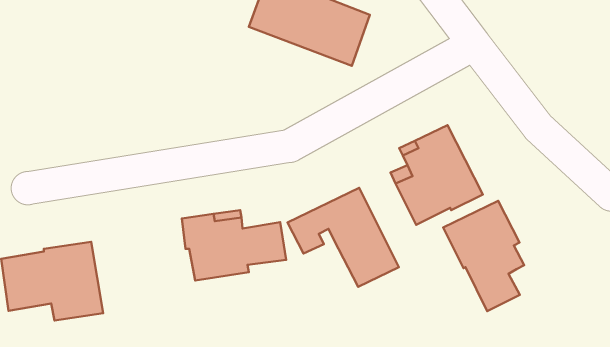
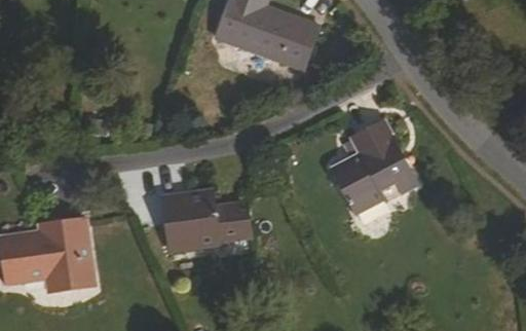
building: [288,188,399,287] -> none
building: [443,201,524,311] -> none

